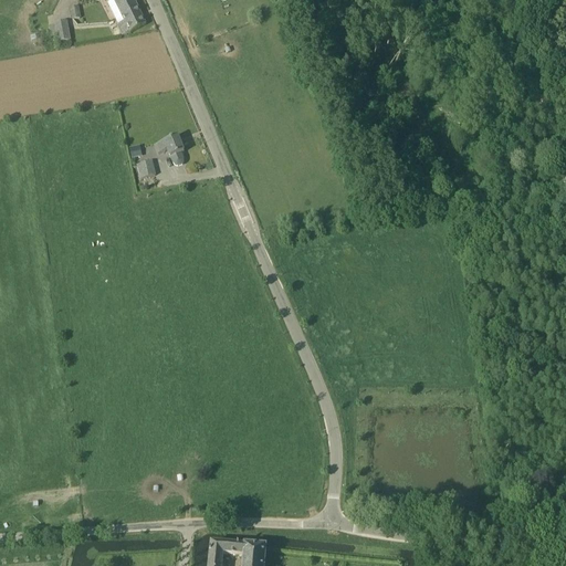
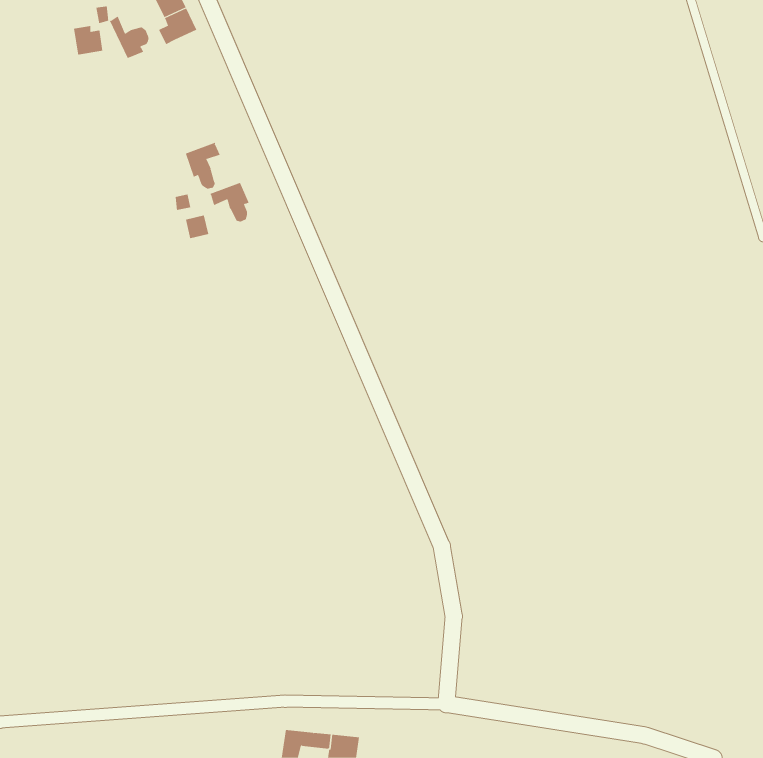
building: none -> [109,16,149,59]
building: none -> [185,142,221,190]

